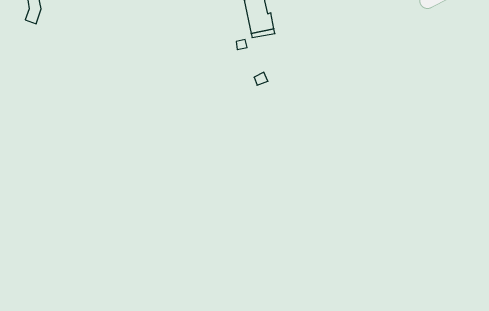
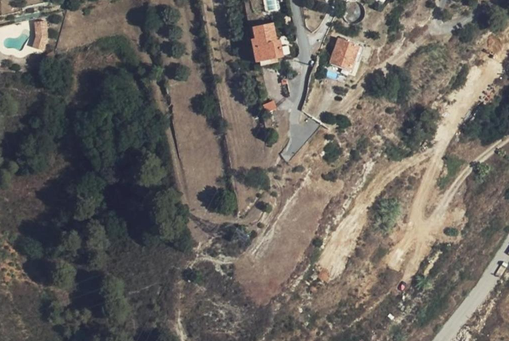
building: none -> [329,37,358,69]

